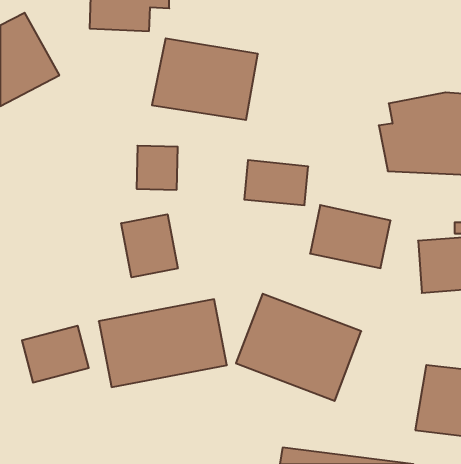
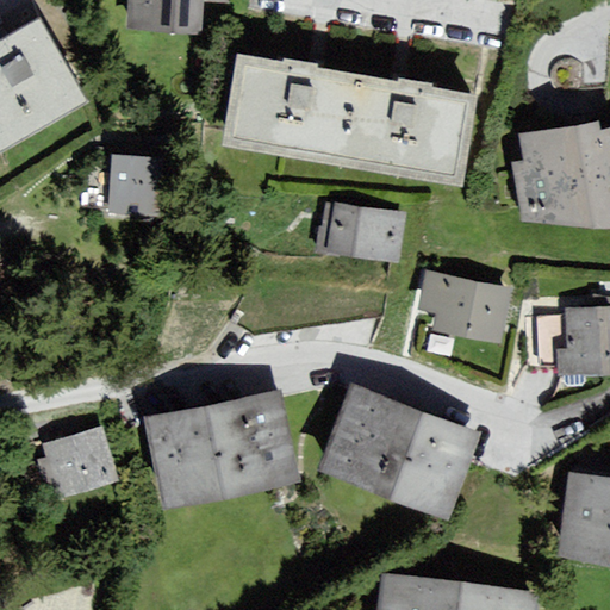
building: none -> [329,70,483,175]
building: [137,146,178,190] -> [119,150,173,207]
building: [121,214,178,277] -> none

